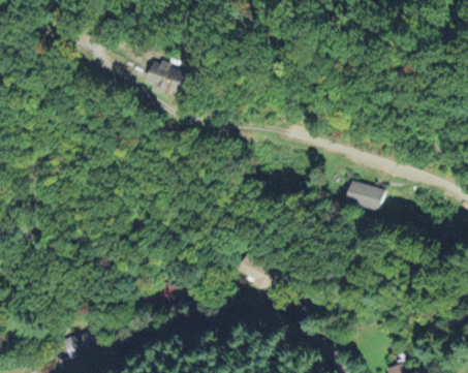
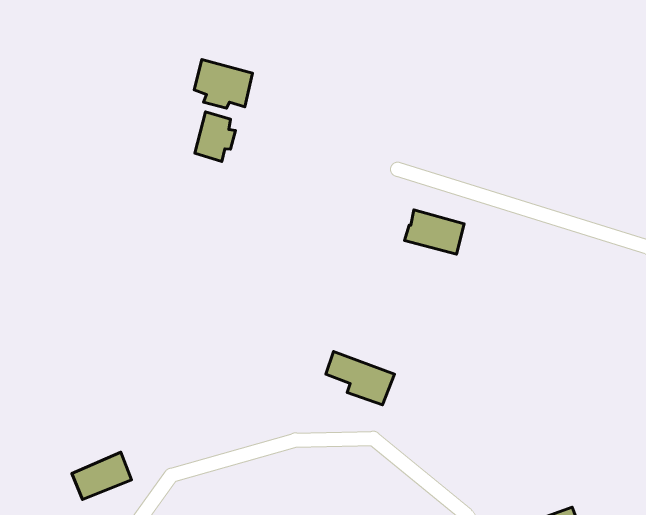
building: none -> [195,112,235,162]
building: [345,181,385,211] -> [405,210,464,254]

